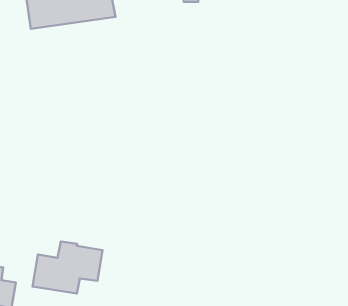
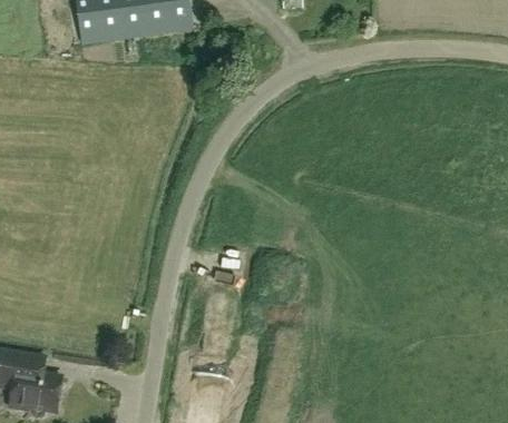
building: [33,242,102,294] -> none

